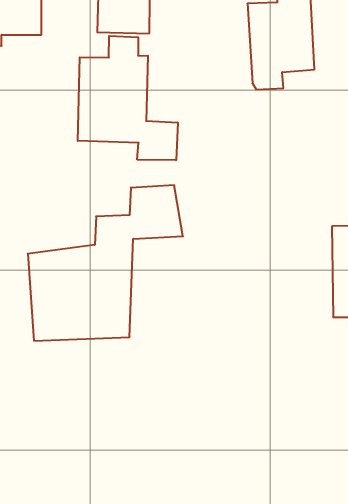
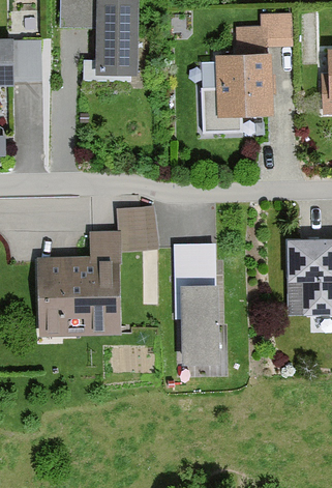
building: [78,36,178,160] -> none
building: none -> [177,240,217,369]

